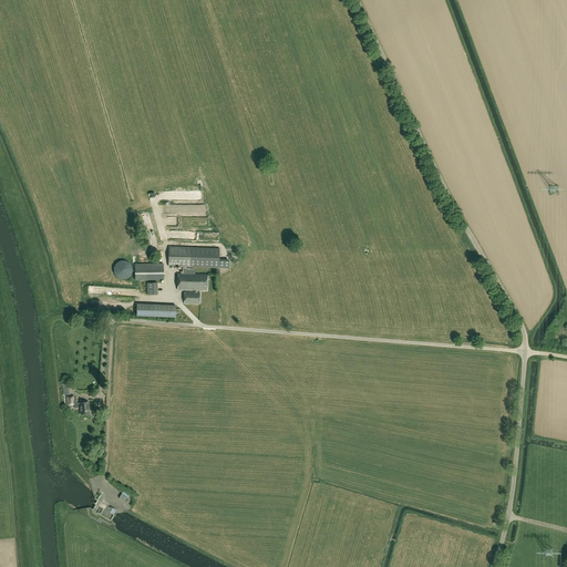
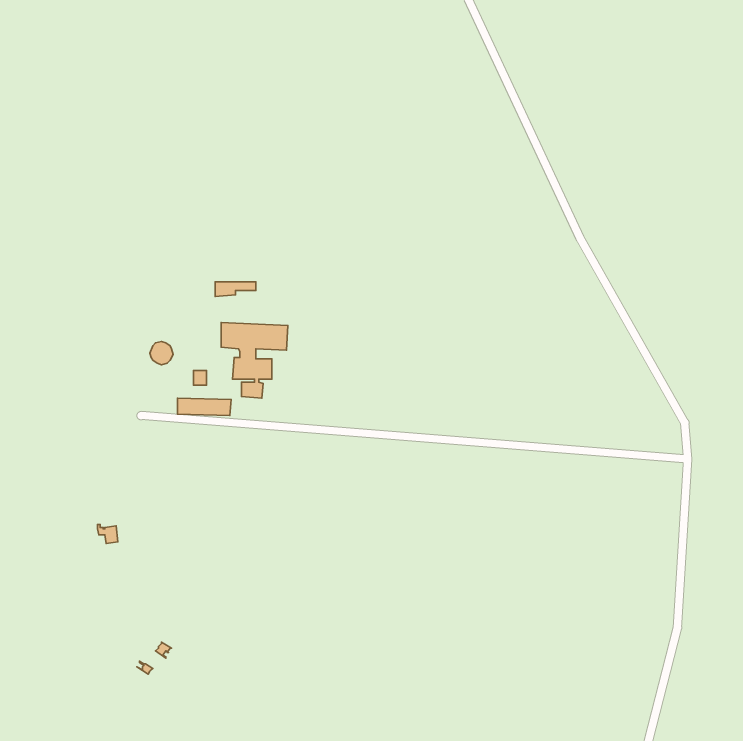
building: [135,262,164,279] -> none

